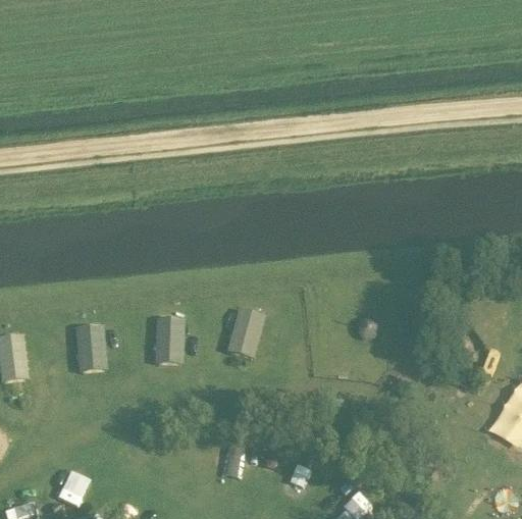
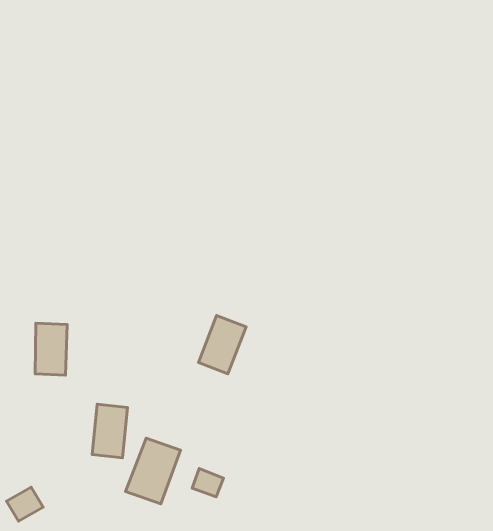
building: [153,316,181,363] -> [92,404,127,458]
building: none -> [126,438,180,504]

